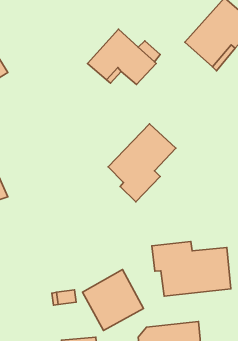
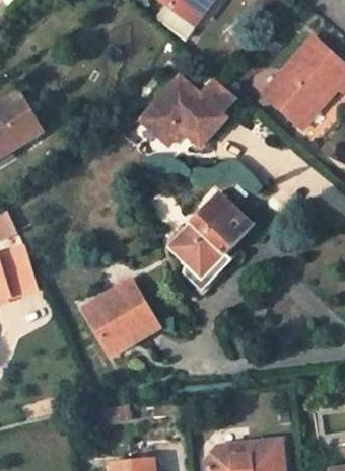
building: [152,242,231,296] -> none
building: [82,270,144,331] -> [82,280,158,356]

